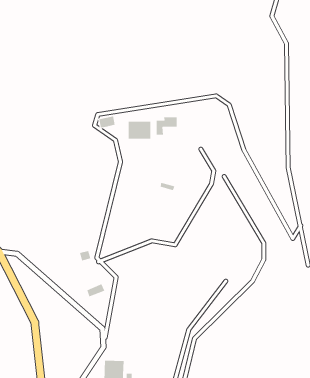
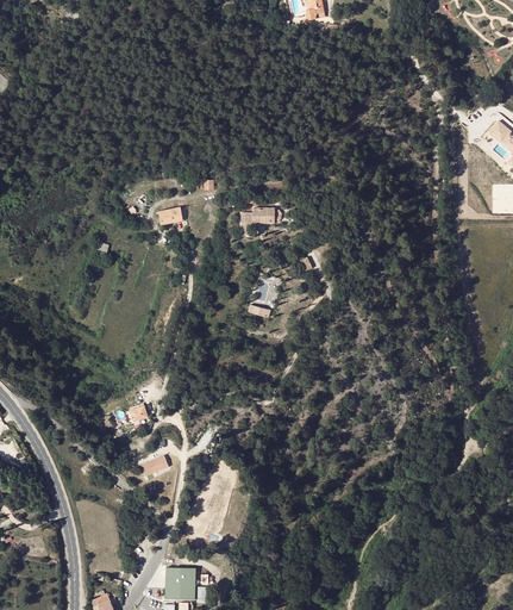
building: [128,121,151,139] -> none

